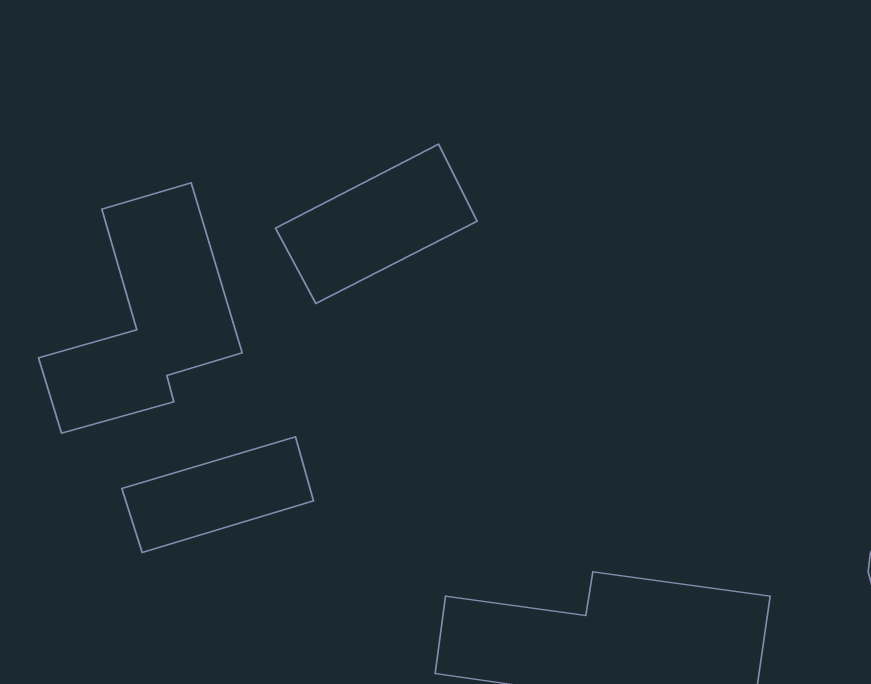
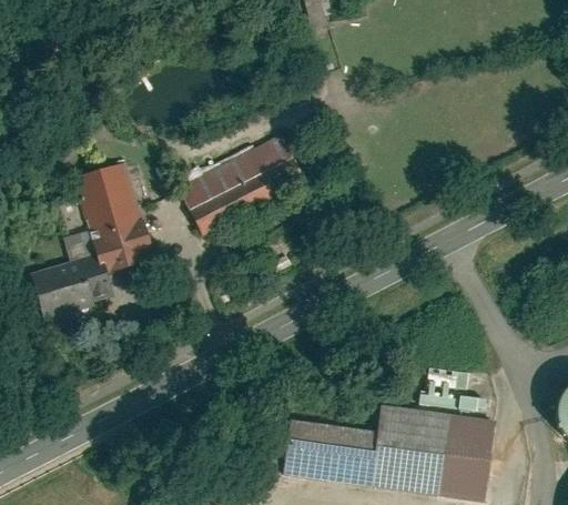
building: [122,437,313,553] -> none

